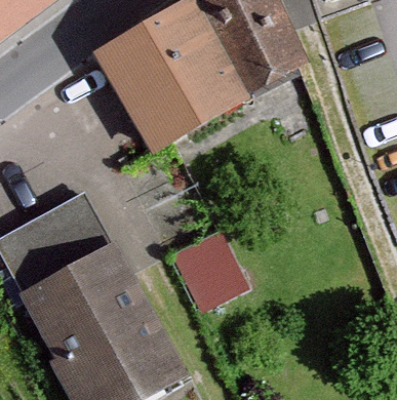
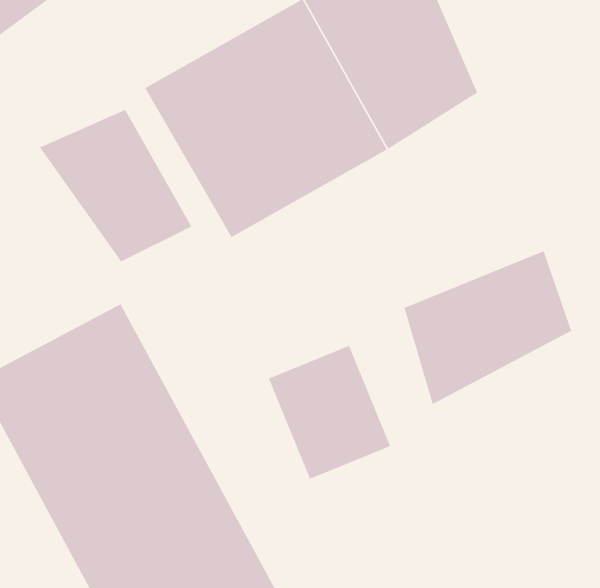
building: none -> [39,109,193,263]
building: none -> [403,250,572,405]

